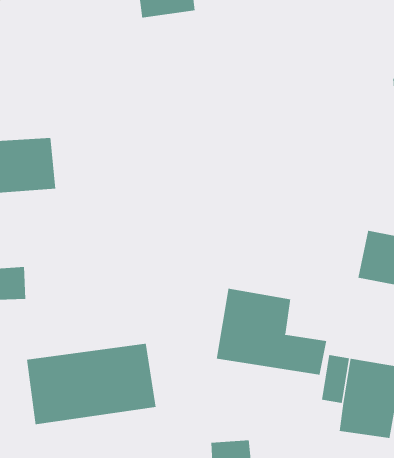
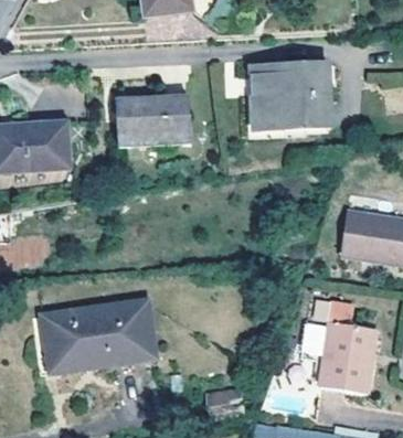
building: none -> [252,65,330,129]
building: none -> [116,95,191,149]
building: [216,288,327,375] -> none

